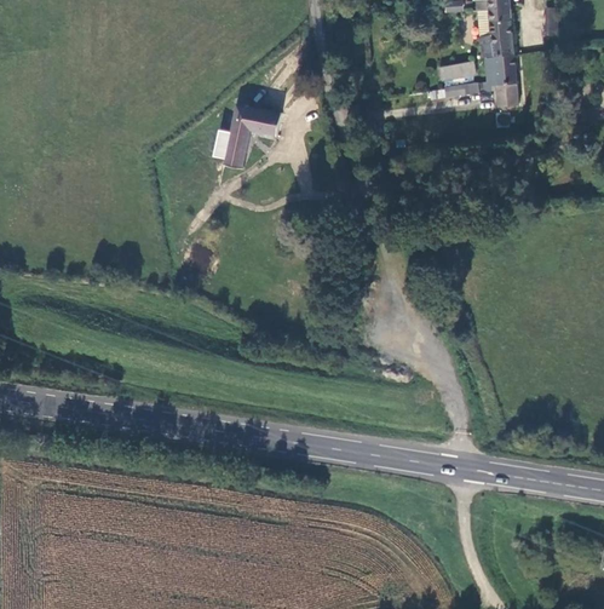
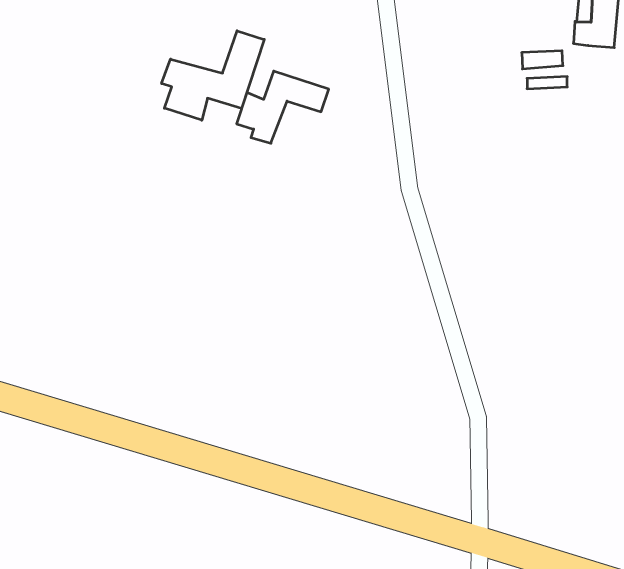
building: [481,51,517,105] -> none
building: none -> [162,31,264,120]

